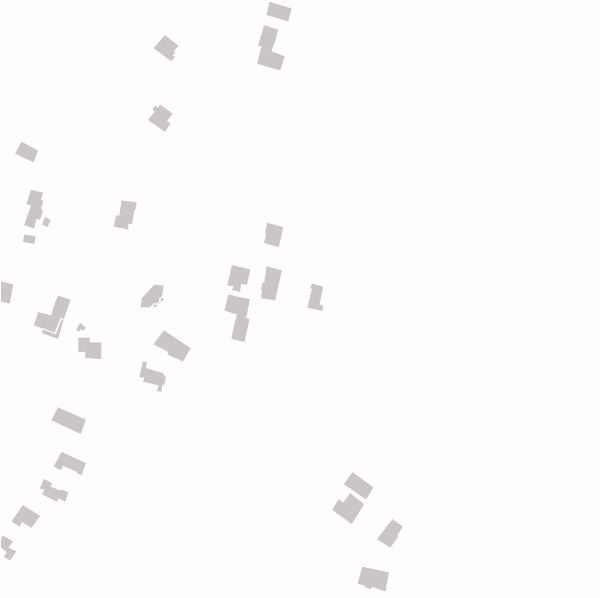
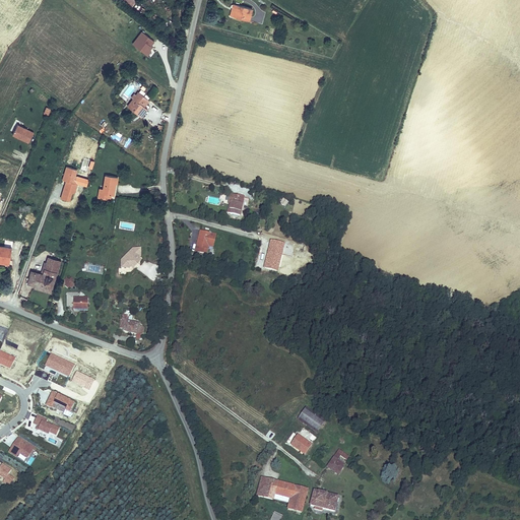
building: [256,24,285,71] -> none
building: [23,189,44,229] -> [60,165,78,199]
building: [260,265,282,301] -> none
building: [224,294,250,343] -> none
building: [153,329,192,362] -> none
building: none -> [252,475,308,512]

